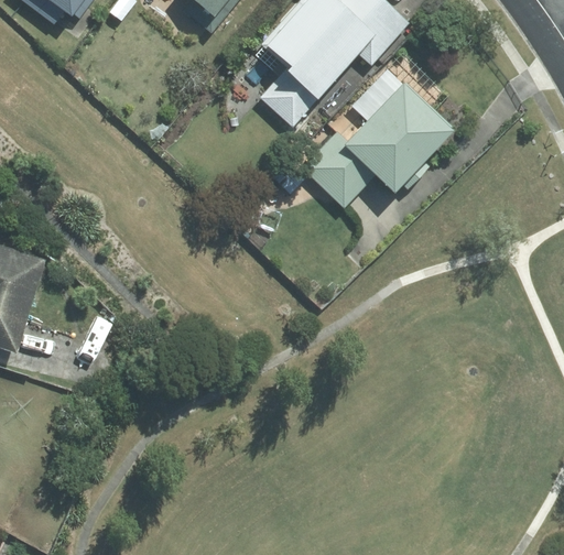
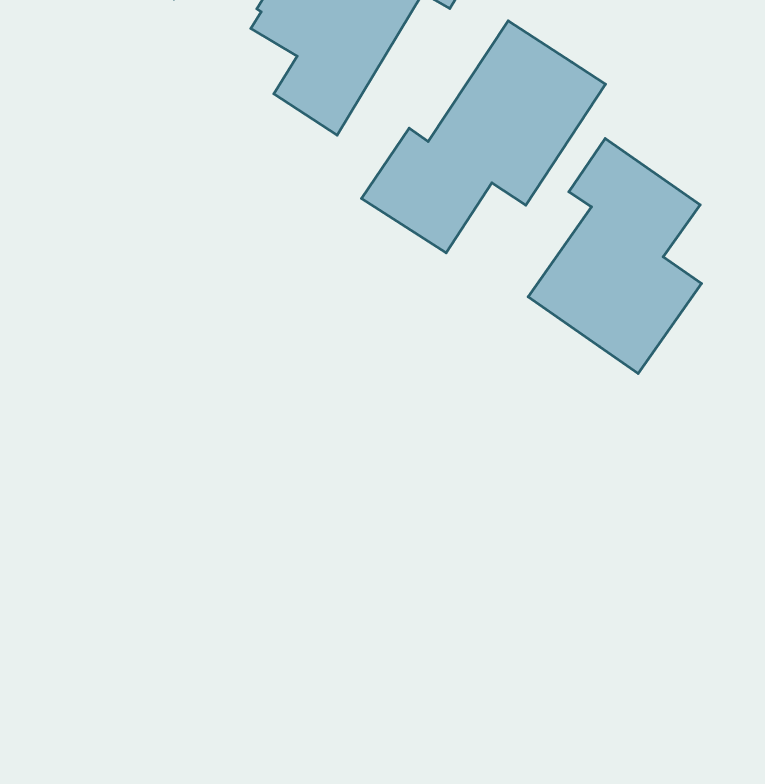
building: none -> [528,138,702,373]

